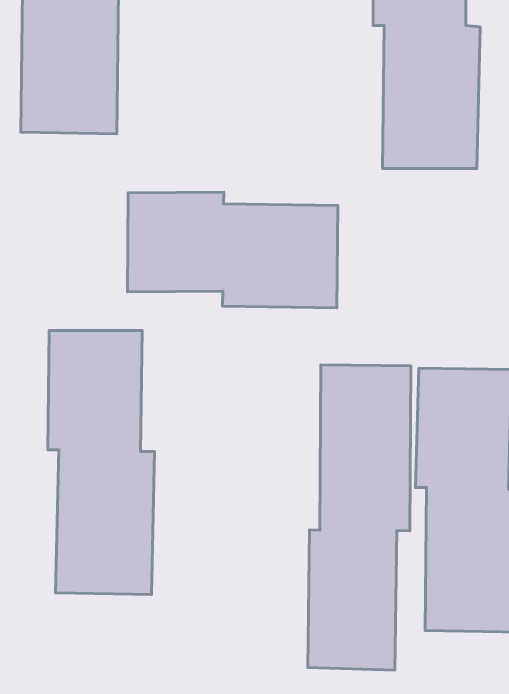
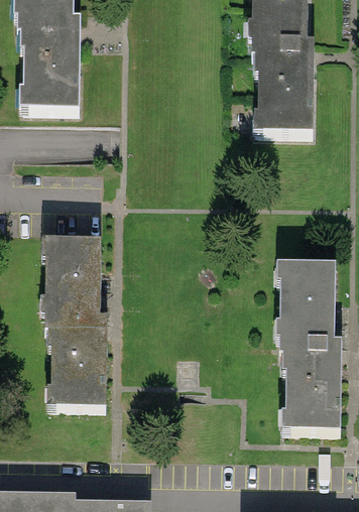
building: [127,192,338,308] -> none
building: [308,365,411,670] -> none

